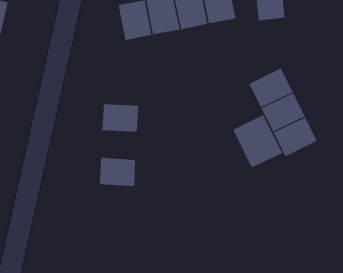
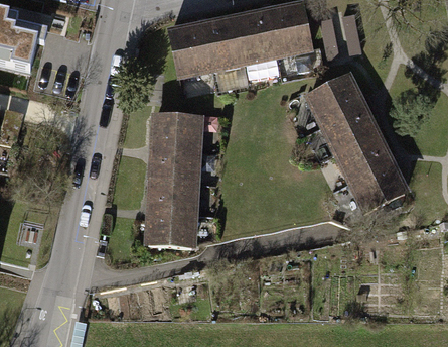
building: none -> [307,77,359,124]
building: none -> [151,115,194,149]
building: [233,114,283,168] -> none
building: none -> [148,179,191,213]

